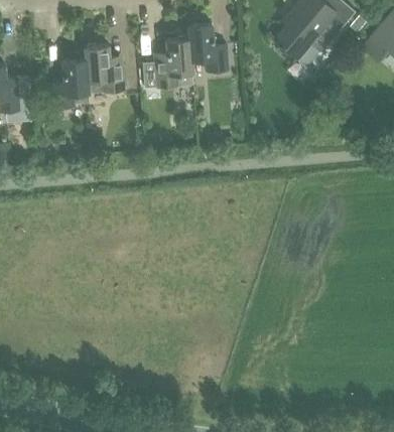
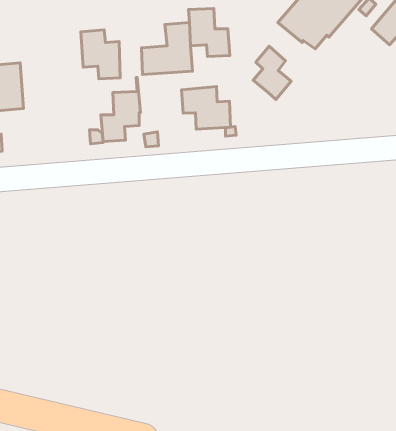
building: [49,45,87,106] -> [101,78,140,141]
building: none -> [253,46,291,100]
building: none -> [181,86,230,129]

